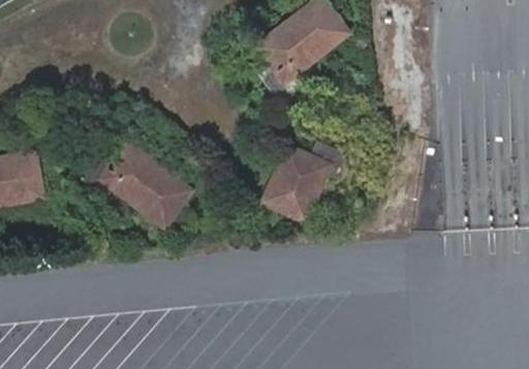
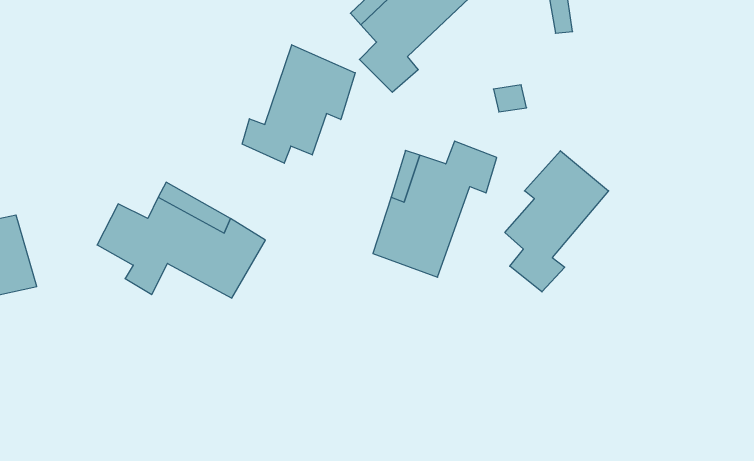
building: none -> [242,45,355,163]
building: none -> [505,151,609,292]

